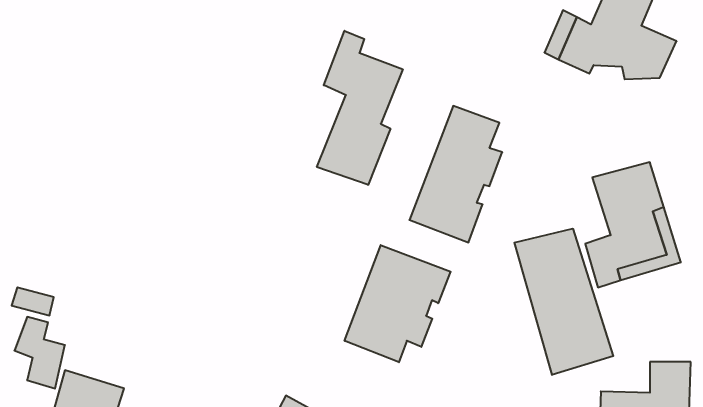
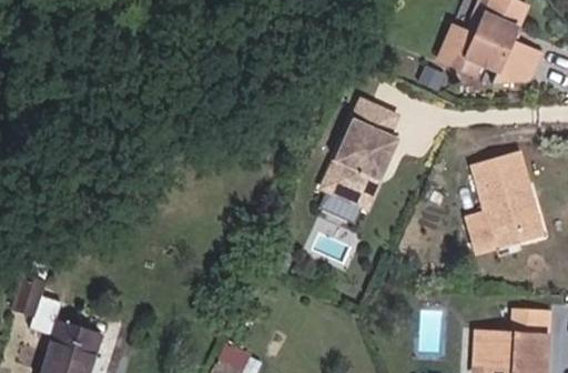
building: [317,31,403,185] -> none
building: [514,229,613,375] -> none
building: [345,245,451,362] -> none

